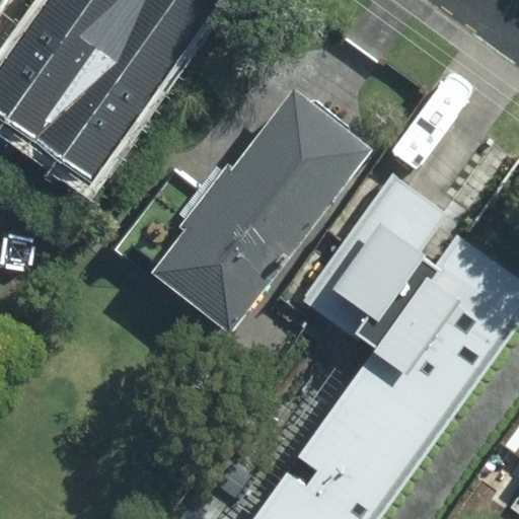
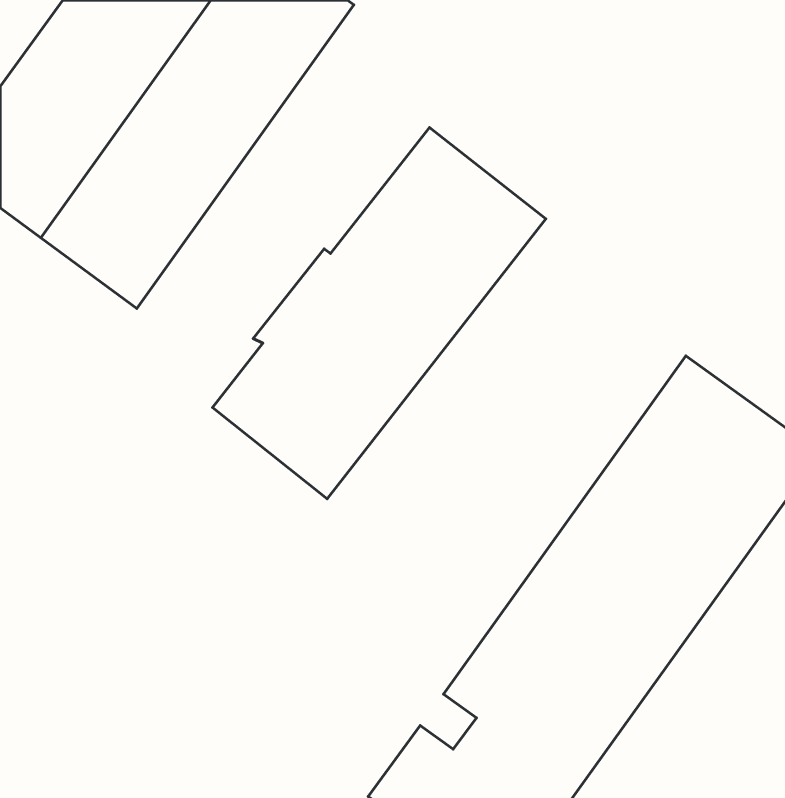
building: [305,175,447,335] -> none

